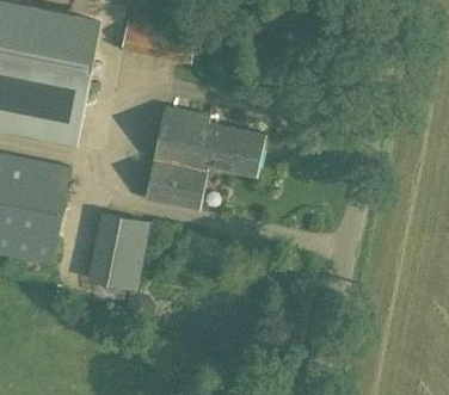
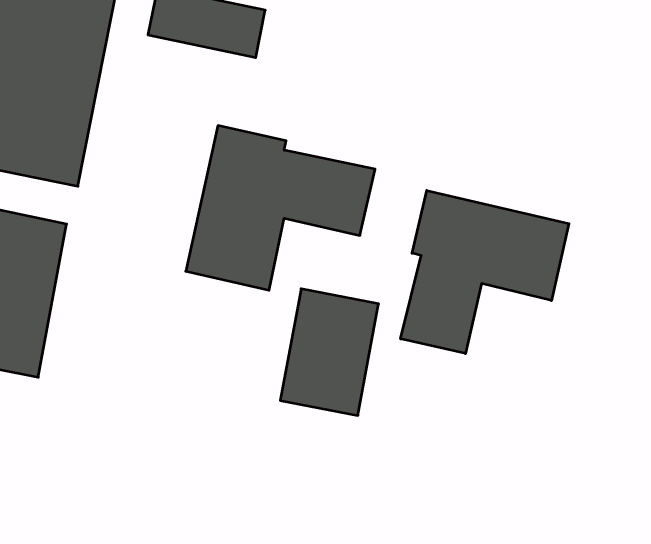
building: none -> [401,190,569,354]
building: [87,210,149,290] -> [280,289,379,415]

